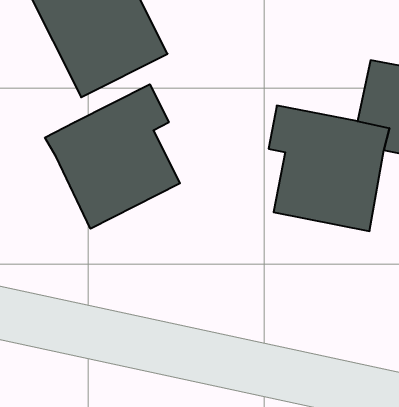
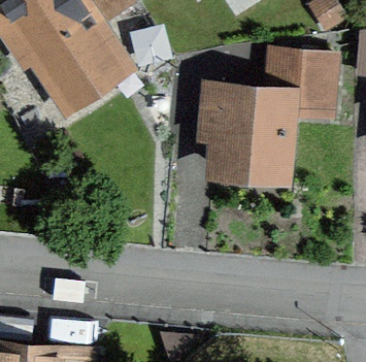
building: [45,84,180,229] -> none

